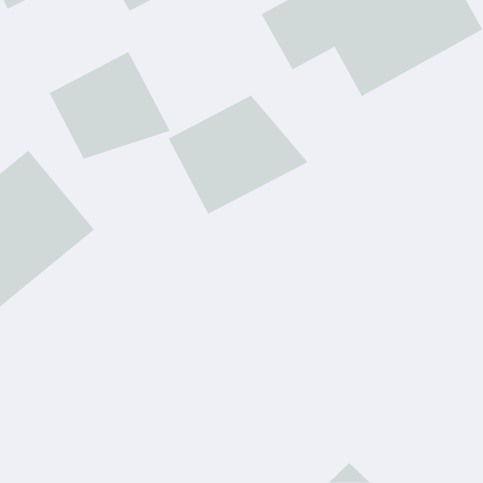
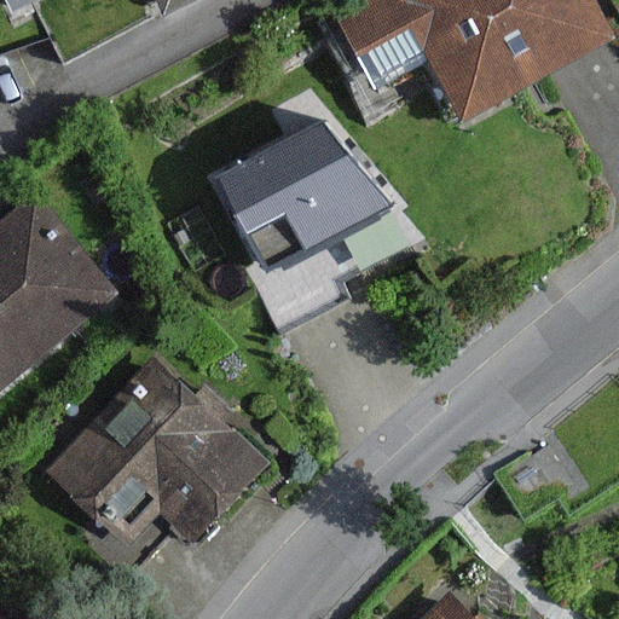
building: [49,51,171,159] -> none
building: none -> [46,354,268,546]

